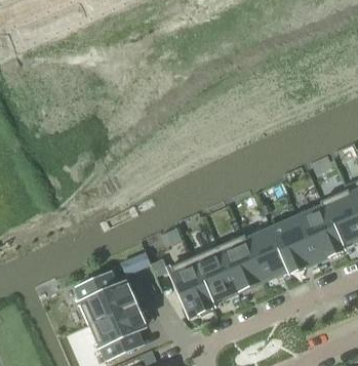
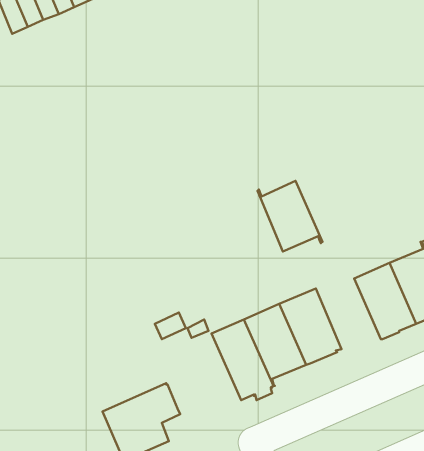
building: [244,229,291,280] -> [257,181,322,252]
building: [74,275,135,325] -> none

